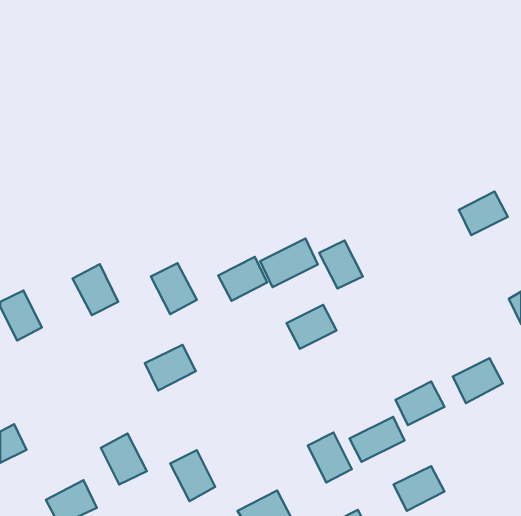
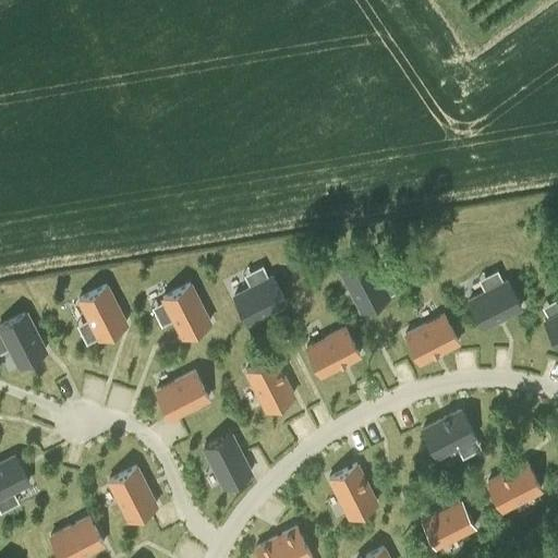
building: [459,191,508,235] -> [469,284,521,331]
building: [260,239,318,287] -> none
building: none -> [405,318,458,366]
building: none -> [245,361,293,413]
building: [453,358,503,403] -> [487,465,541,513]
building: [349,417,404,462] -> none
building: [170,450,215,501] -> [203,437,251,492]

